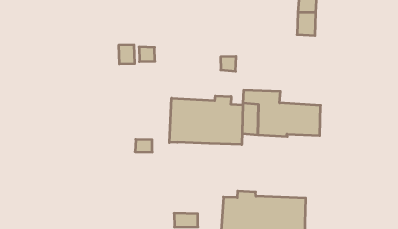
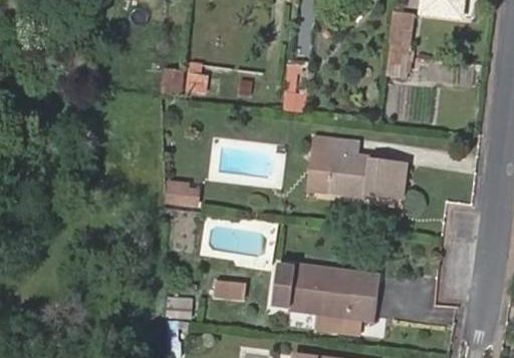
building: [169,96,243,145] -> none

